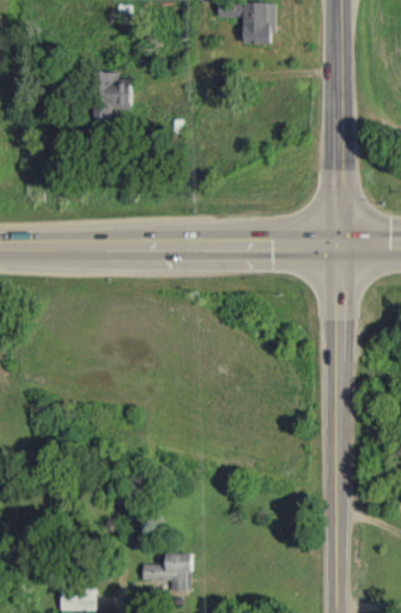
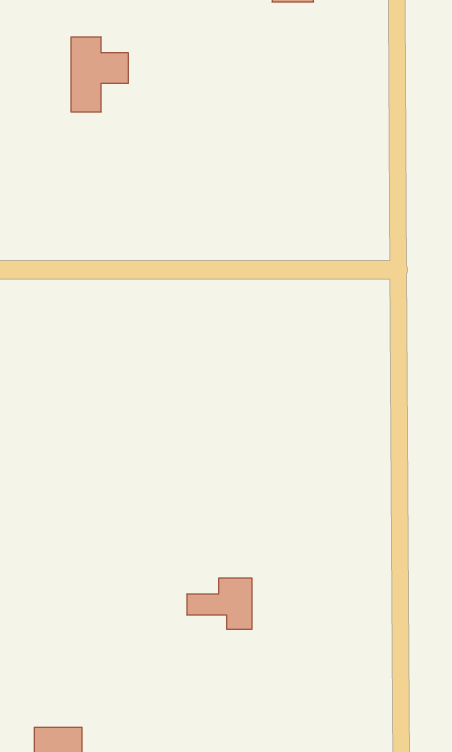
building: [144,554,193,593] -> [187,578,252,629]

